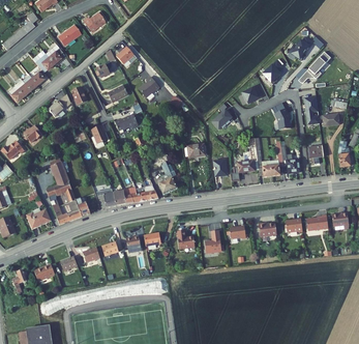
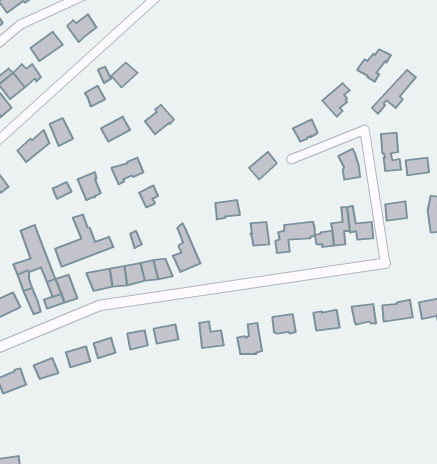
building: none -> [55,214,113,267]

